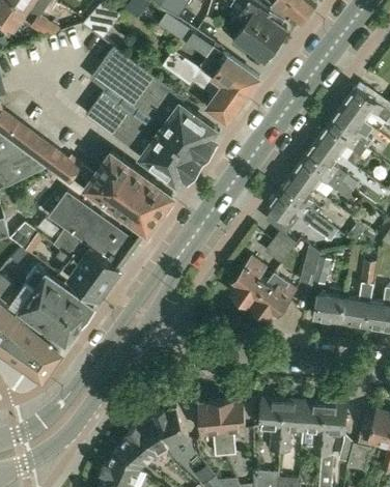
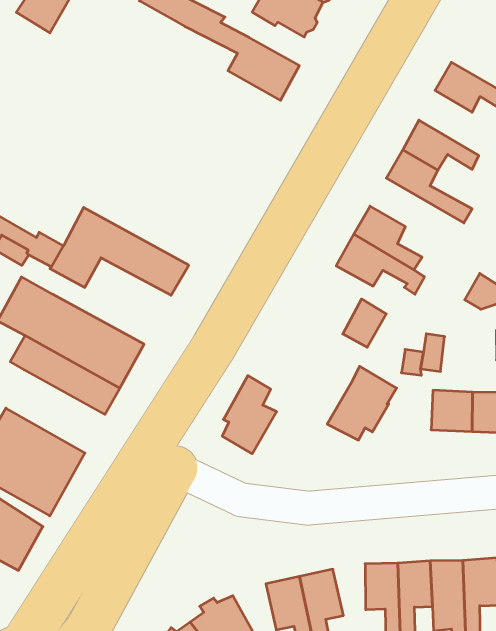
building: [86,47,220,185] -> none
building: [163,51,244,122] -> none
building: [330,105,371,149] -> none
building: [292,156,357,203] -> none
building: [106,185,160,232] -> none
building: [56,251,109,300] -> none
building: [231,258,268,308] -> [222,376,277,454]

